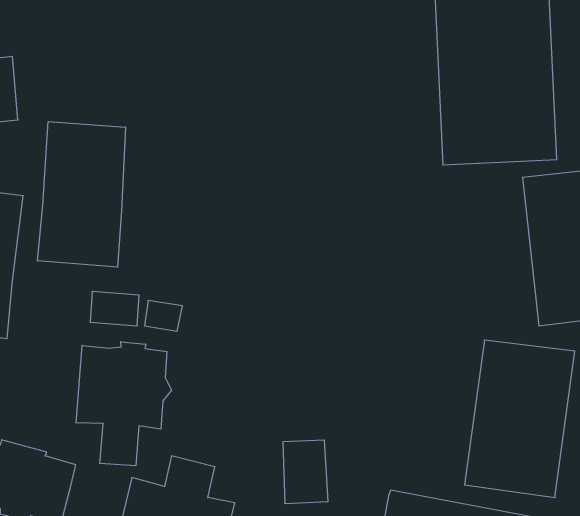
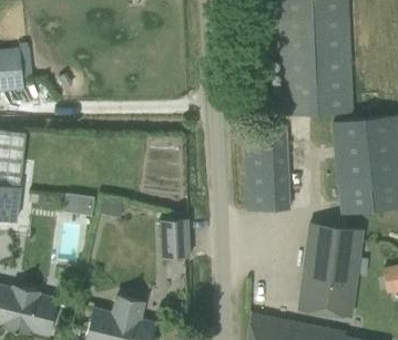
building: [37,122,125,267] -> none
building: none -> [244,128,290,210]
building: [76,342,171,466] -> none
building: [283,440,328,503] -> [162,218,190,257]

